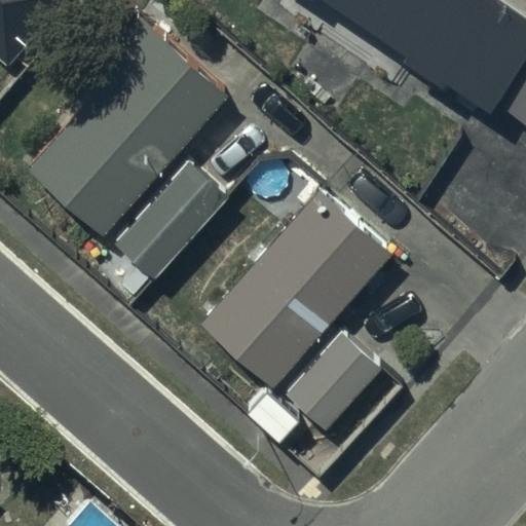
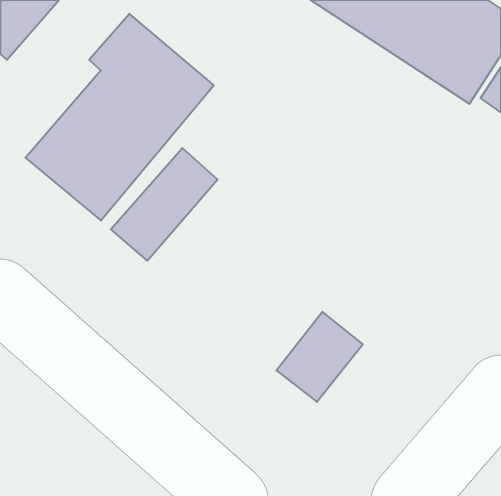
building: [203,187,394,387] -> none

